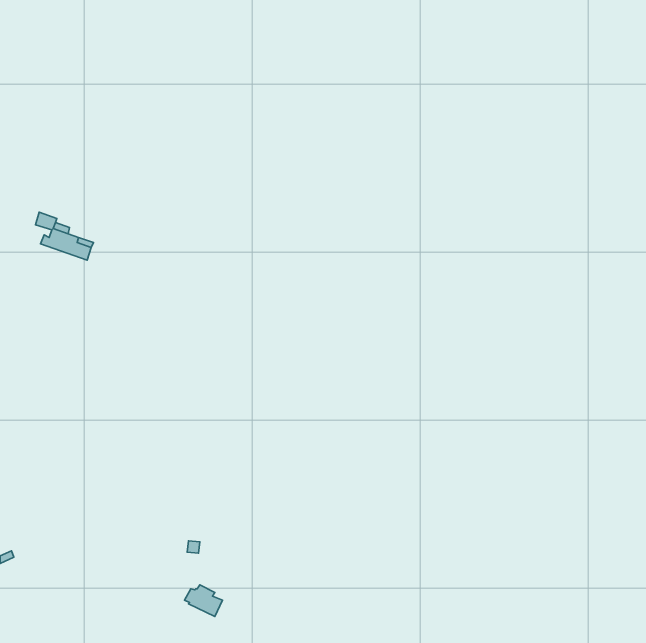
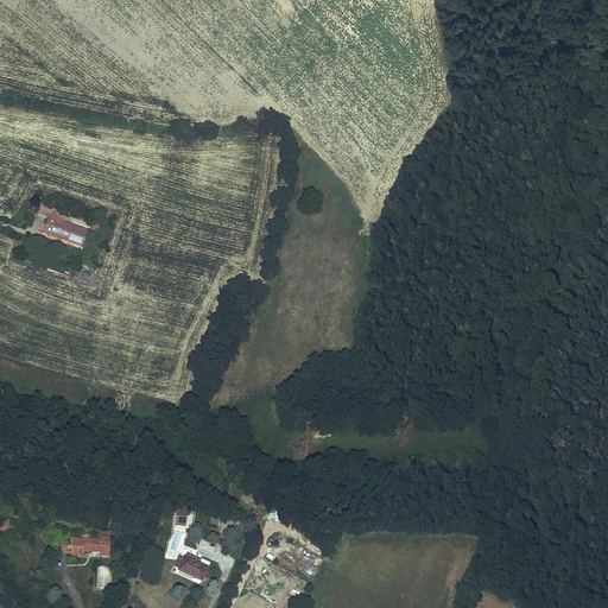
building: none -> [61,533,110,555]

